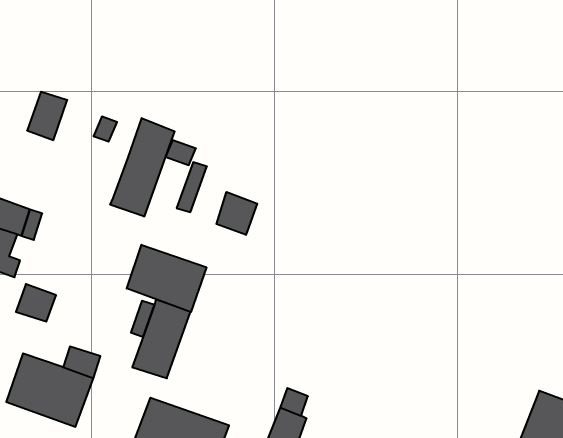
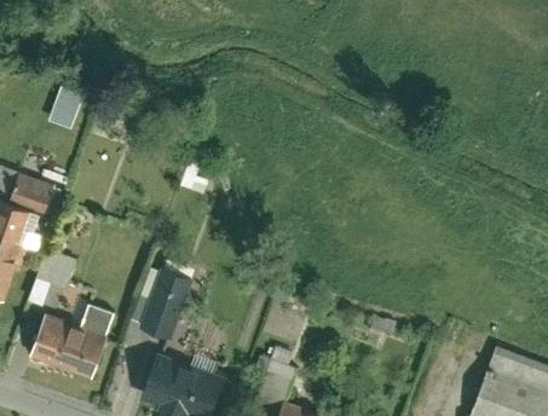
building: [110,118,175,217] -> none
building: [216,192,257,235] -> none
building: [127,245,206,312] -> none

